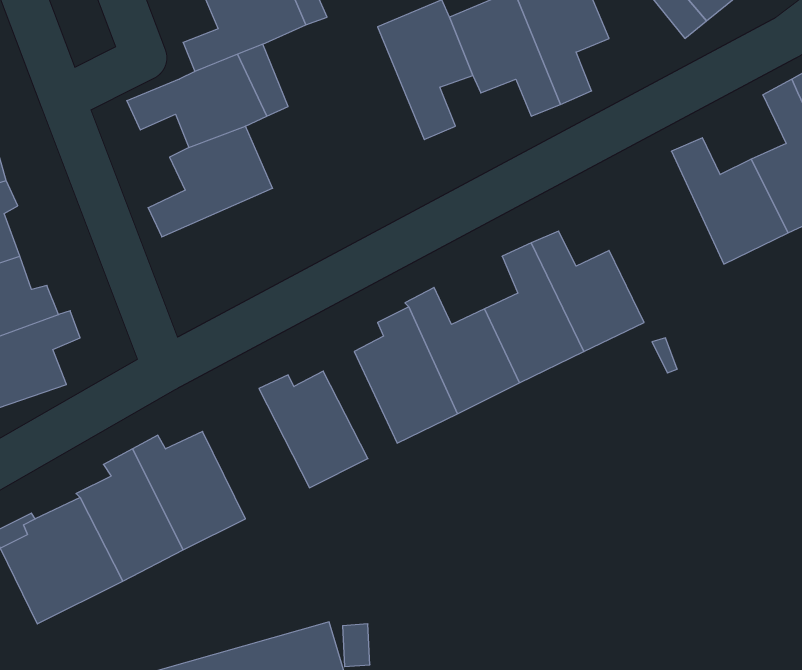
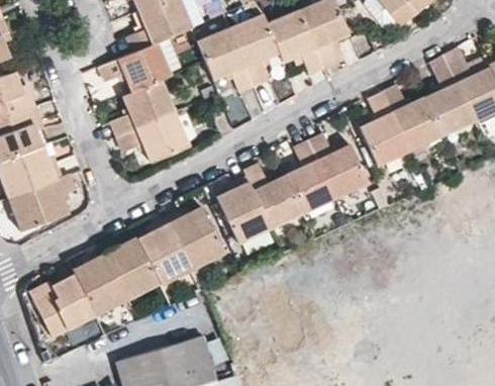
building: none -> [198,28,254,93]
building: none -> [360,93,409,166]
building: none -> [117,112,189,162]
building: none -> [138,216,194,284]

